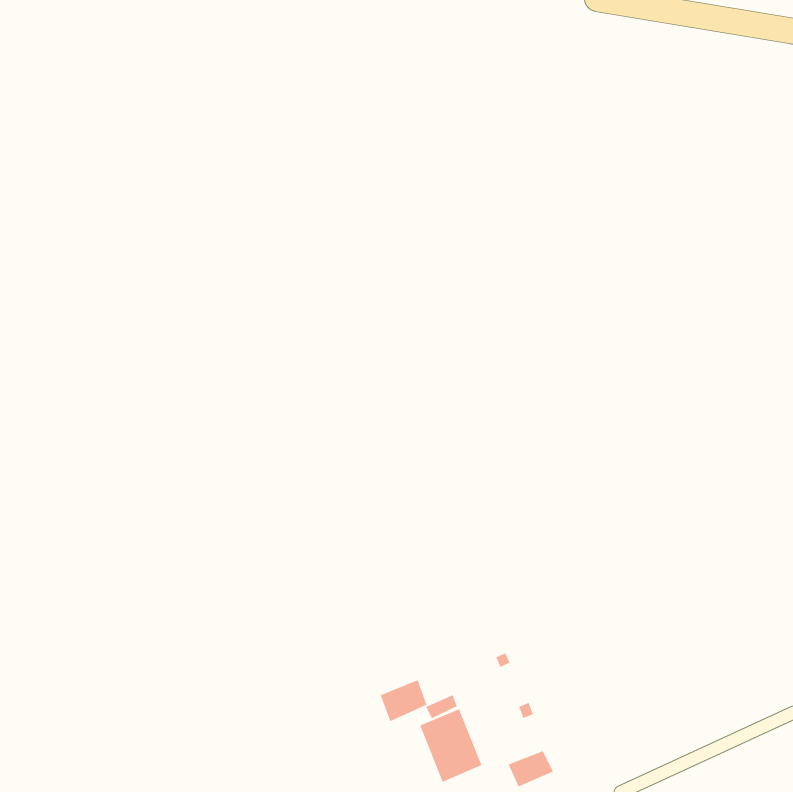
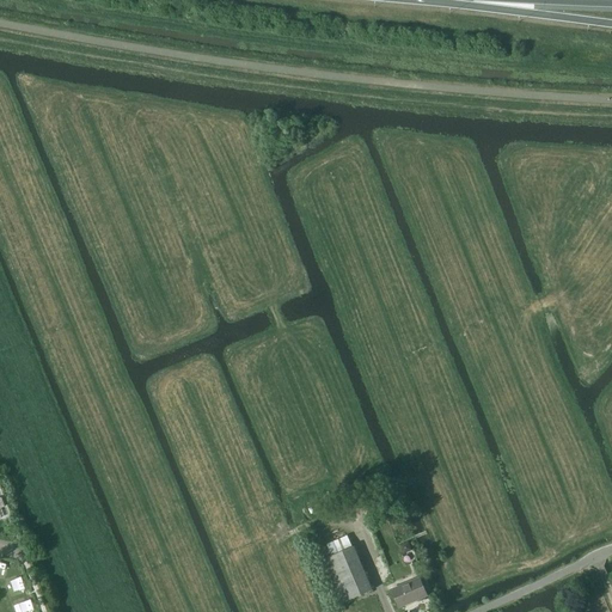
building: [380,679,427,722] -> none

